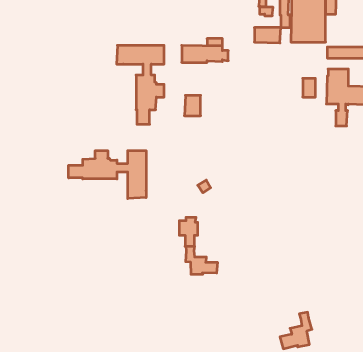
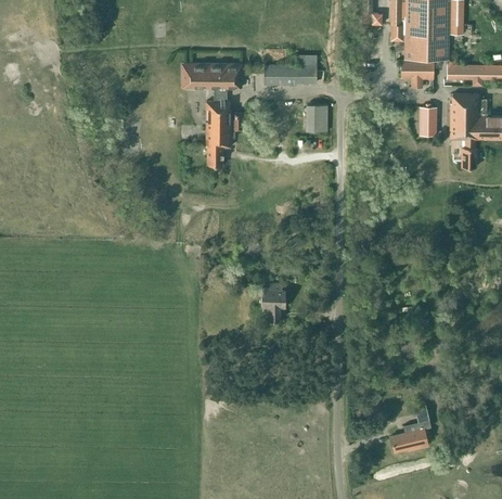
building: [254,28,281,43] -> [401,61,435,80]
building: [184,95,201,116] -> [307,106,327,132]
building: [69,151,146,199] -> none
building: [186,246,217,274] -> none

